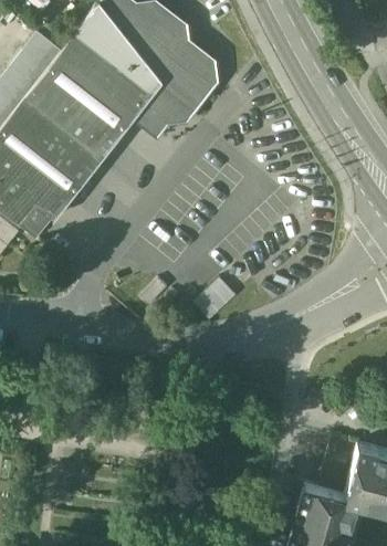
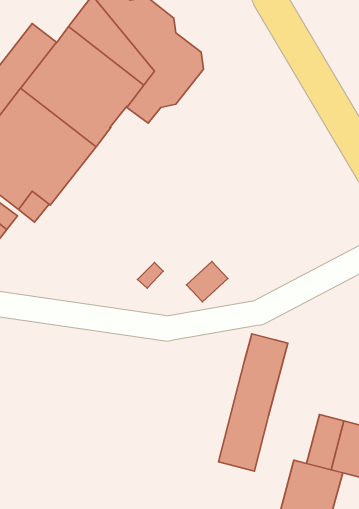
building: none -> [218,334,288,471]

